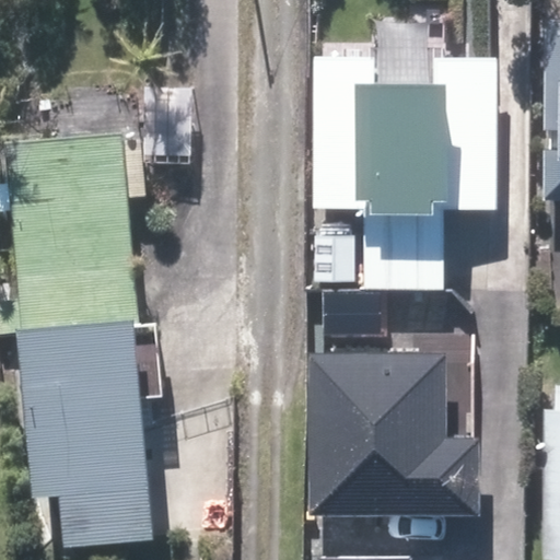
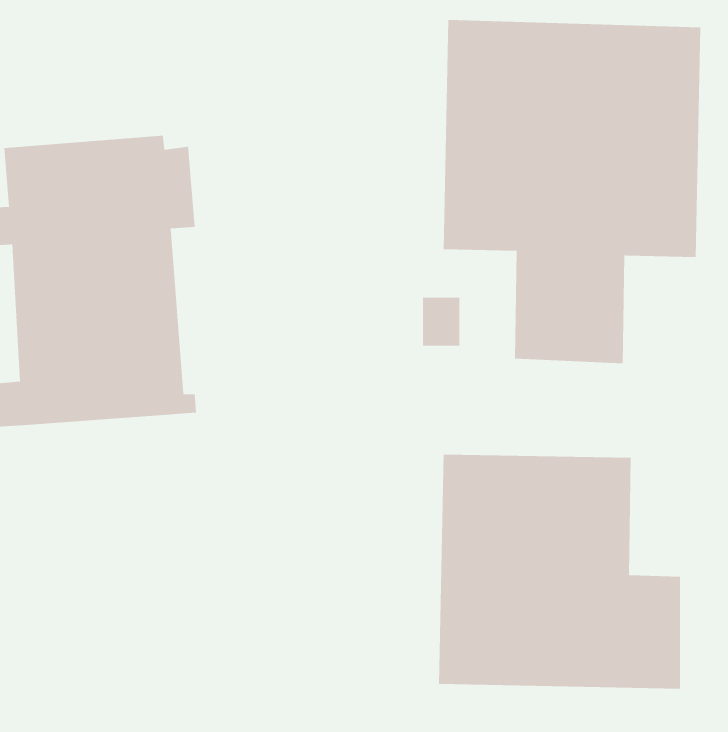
building: [22,326,154,489] -> none

